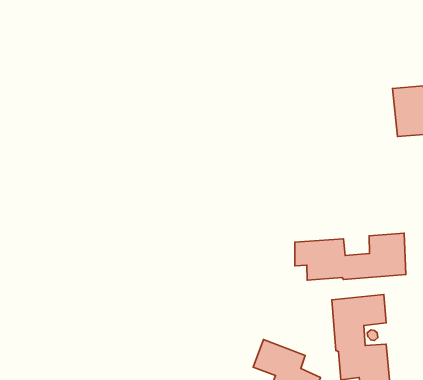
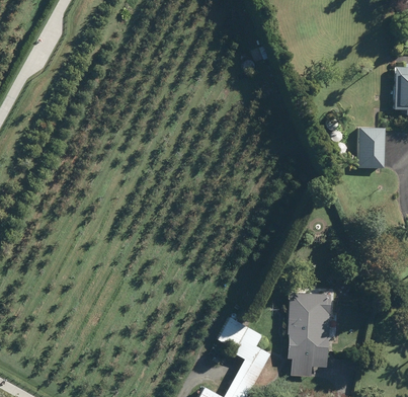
building: [295,233,406,280] -> none

